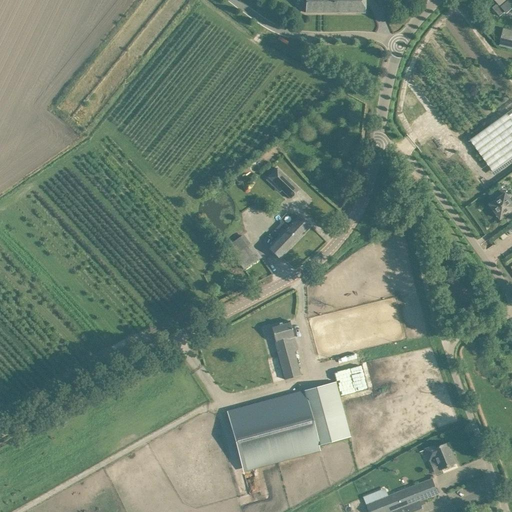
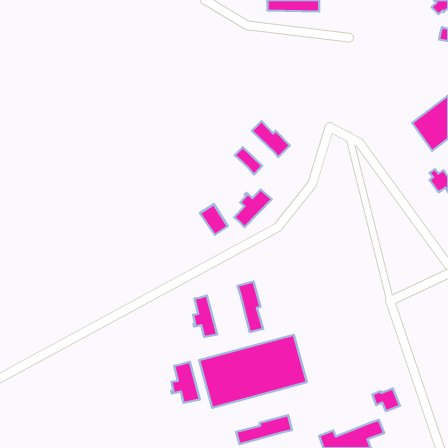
building: none -> [252,121,290,157]
building: none -> [193,296,217,337]
building: none -> [171,362,200,403]
building: none -> [236,415,292,444]

